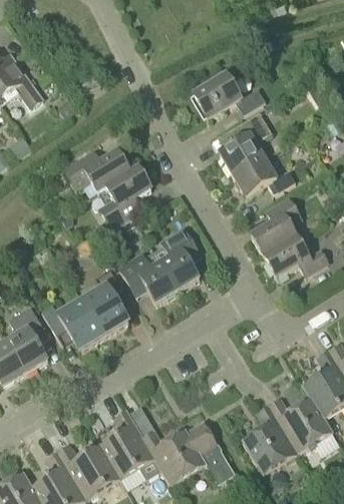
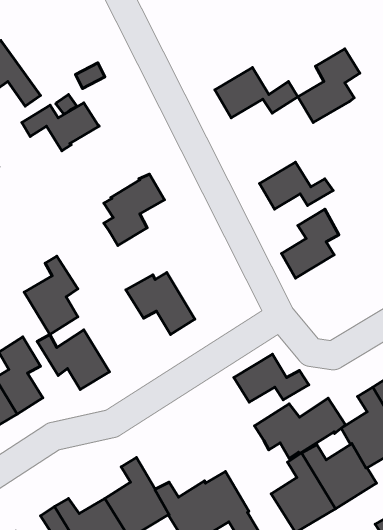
building: [219,111,272,174] -> [298,49,360,122]
building: [63,151,129,192] -> [22,103,99,151]
building: [152,227,198,291] -> none
building: [263,235,327,277] -> [234,354,309,402]
building: [81,269,127,336] -> [24,256,78,334]
building: none -> [254,398,345,458]

